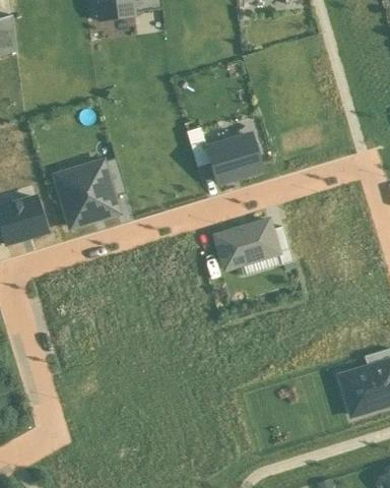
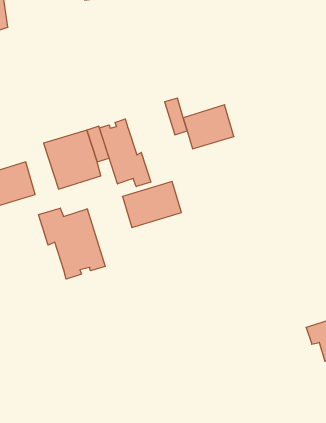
building: none -> [99,119,151,187]
building: [214,220,278,269] -> [122,182,181,227]
building: none -> [39,208,105,279]

